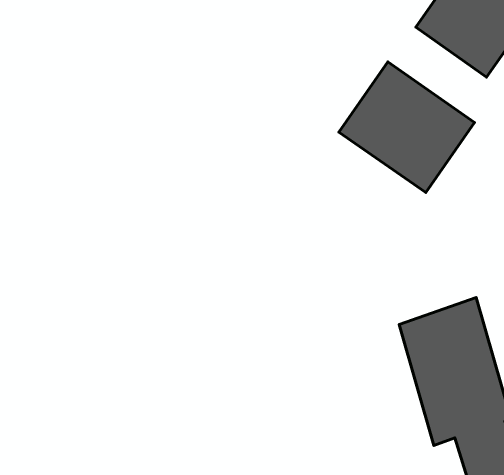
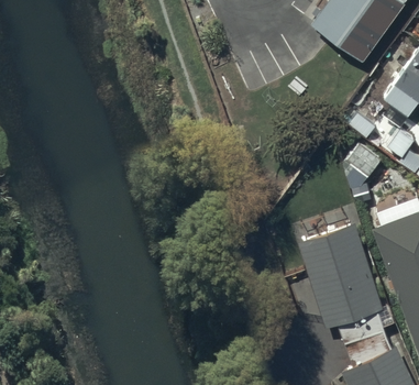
building: [339,62,475,192] -> none

